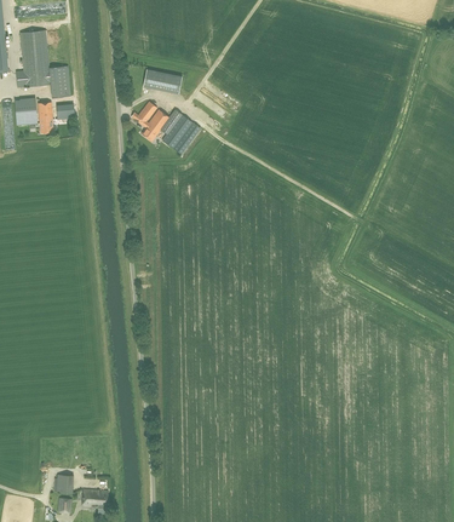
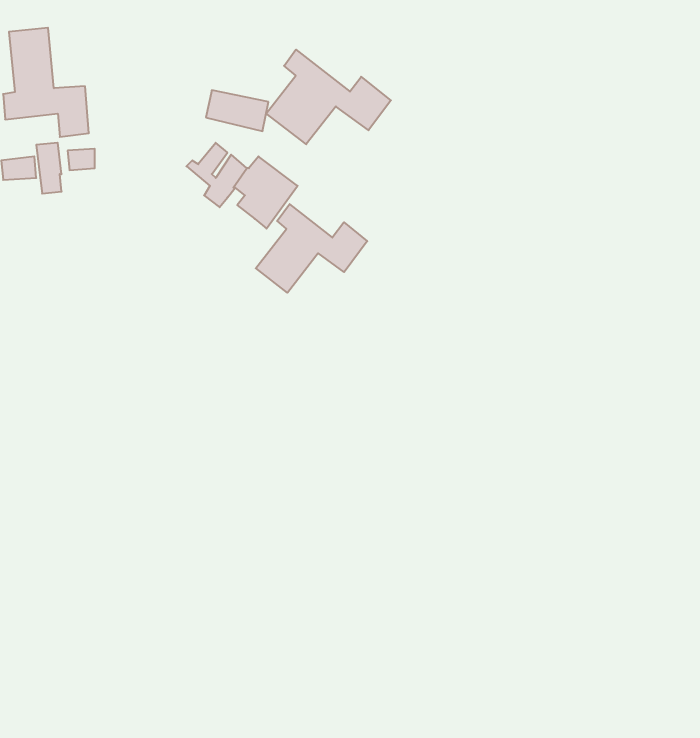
building: none -> [266,50,391,144]
building: none -> [256,204,367,293]

